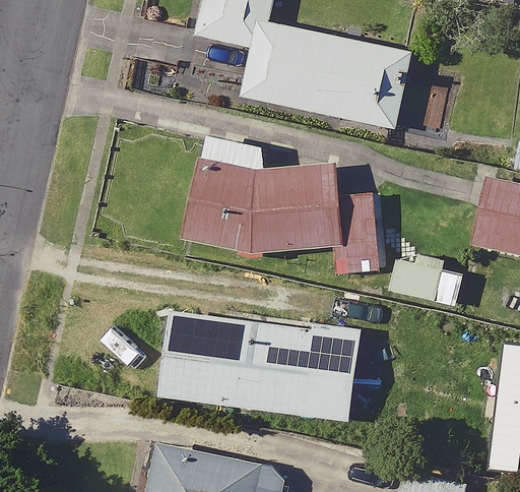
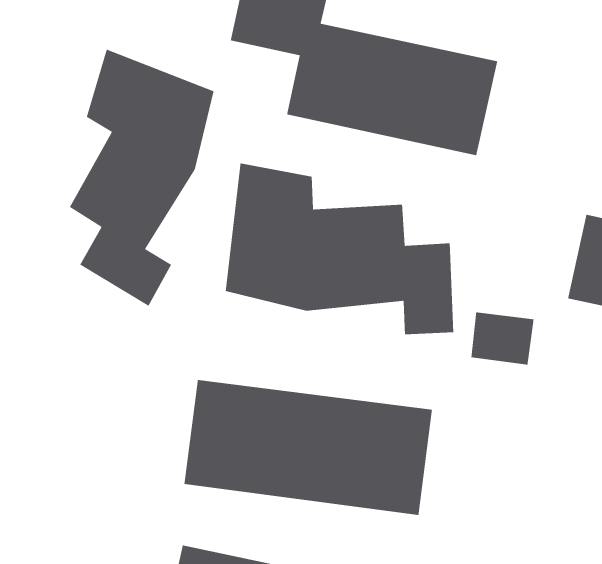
building: none -> [69,48,214,307]

